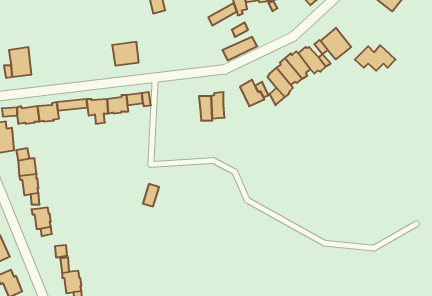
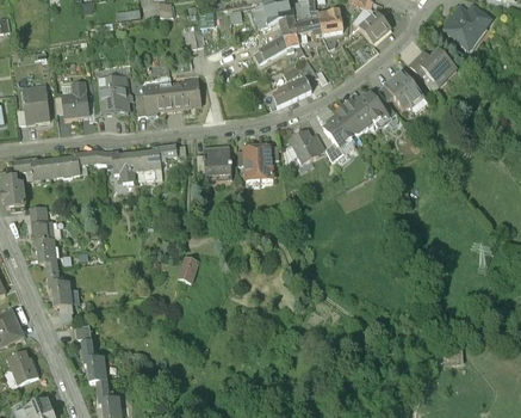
building: none -> [99,79,128,115]
building: none -> [169,79,201,106]
building: none -> [60,84,87,118]
building: [355,45,396,71] -> [408,43,455,73]
building: none -> [201,142,230,174]

